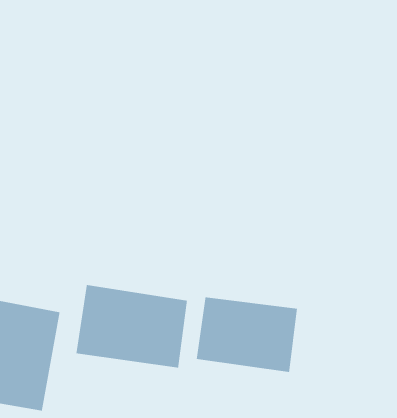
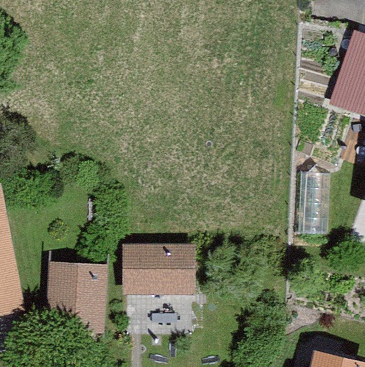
building: [196,296,298,373] -> none

